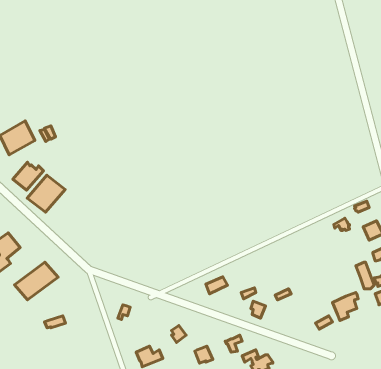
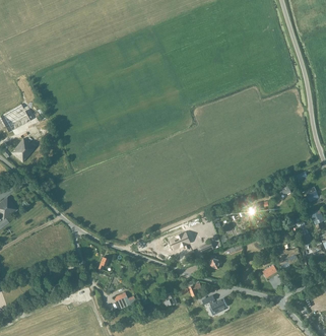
building: [27,175,65,212] -> none
building: [14,262,58,300] -> none

